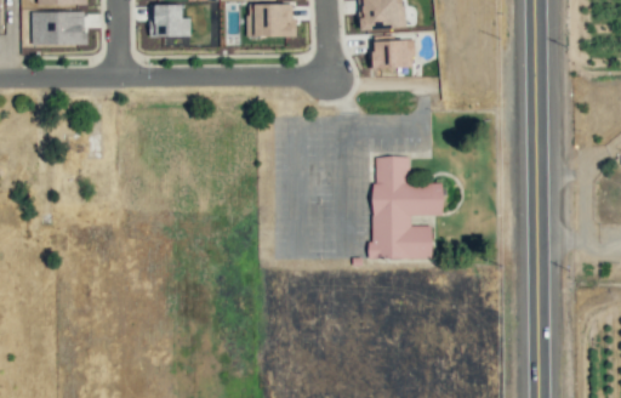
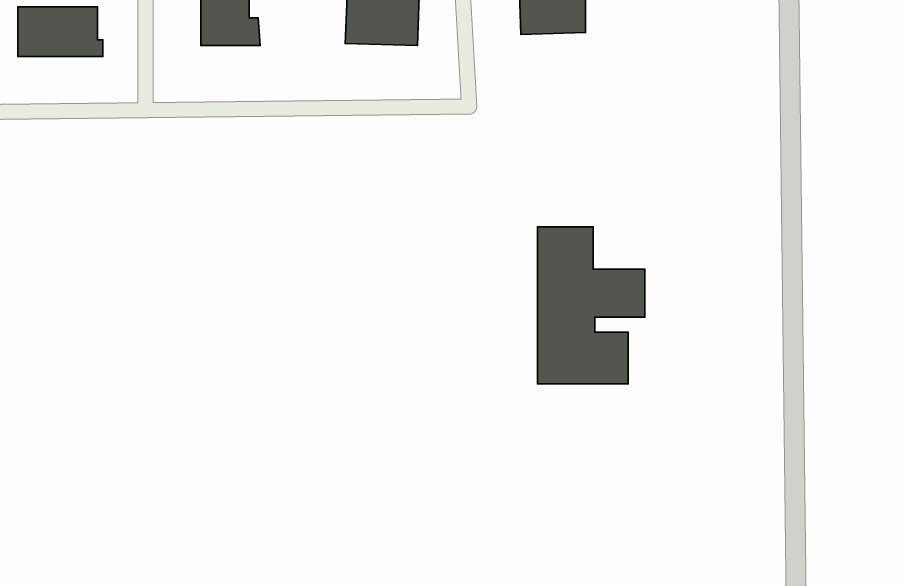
building: [372,40,415,69] -> none

